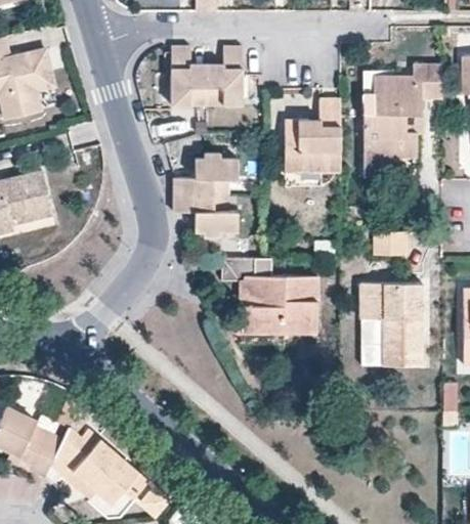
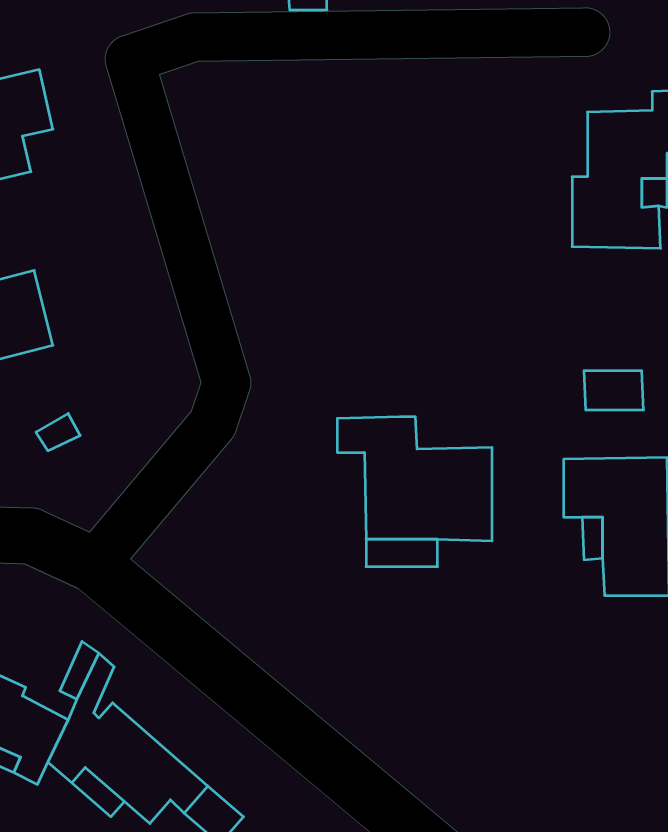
building: [172,47,245,106] -> none
building: [286,98,341,173] -> none
building: [174,154,240,236] -> none

